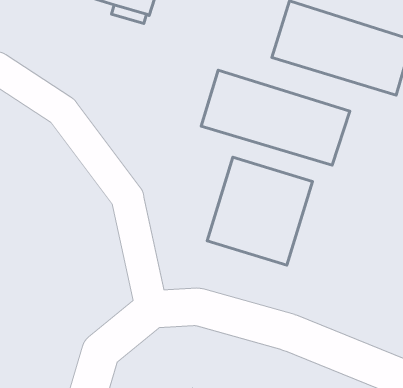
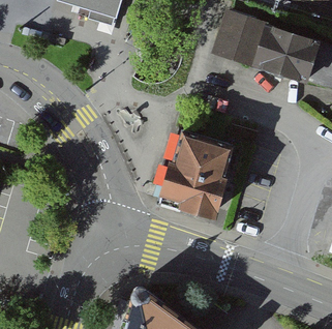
building: [201,70,350,165] -> none

